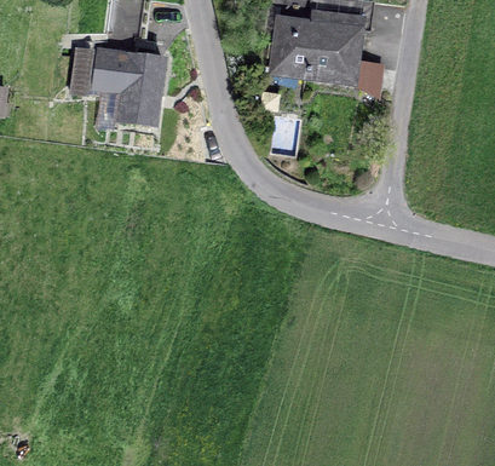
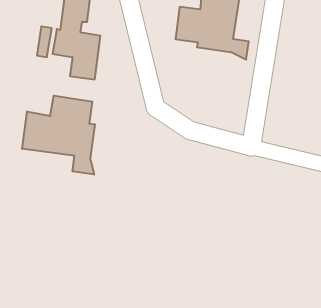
building: none -> [22,96,95,175]

